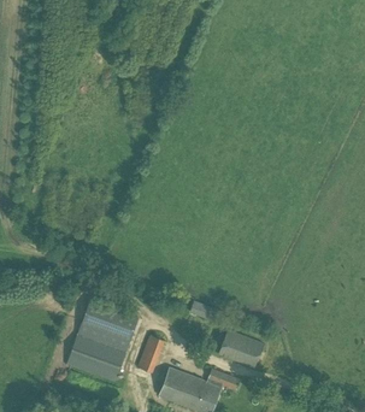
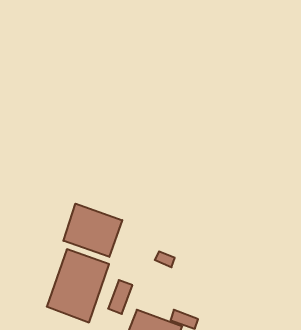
building: none -> [63,204,122,257]
building: [217,329,263,370] -> none

